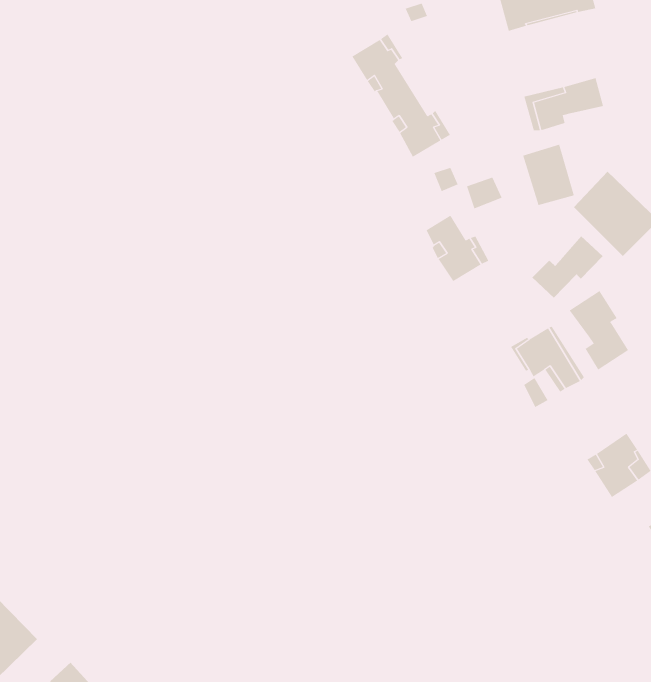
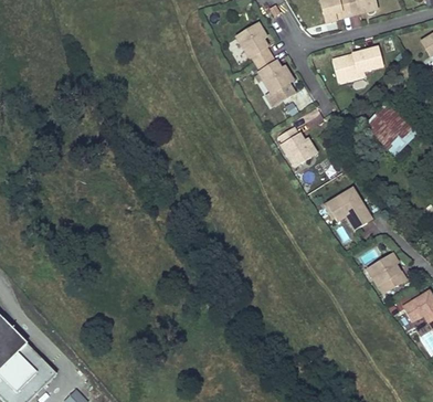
building: [522,144,574,206] -> none
building: [531,235,604,298] -> none
building: [569,290,629,371] -> none

